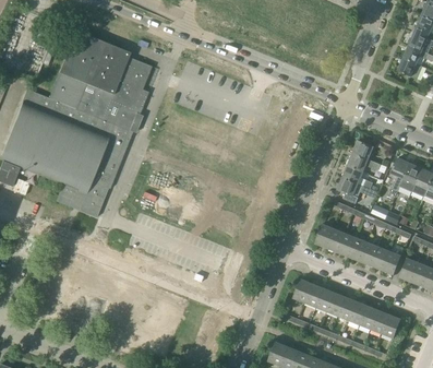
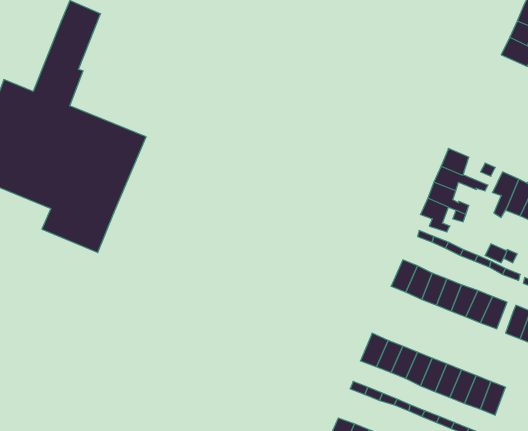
building: [76,39,153,131] -> none

